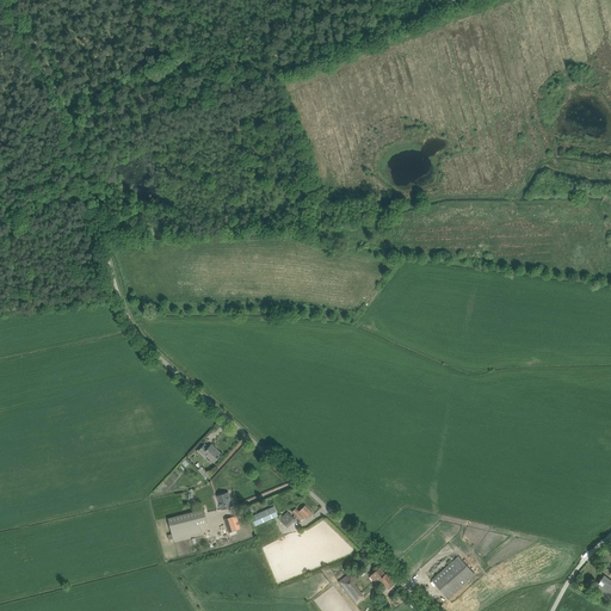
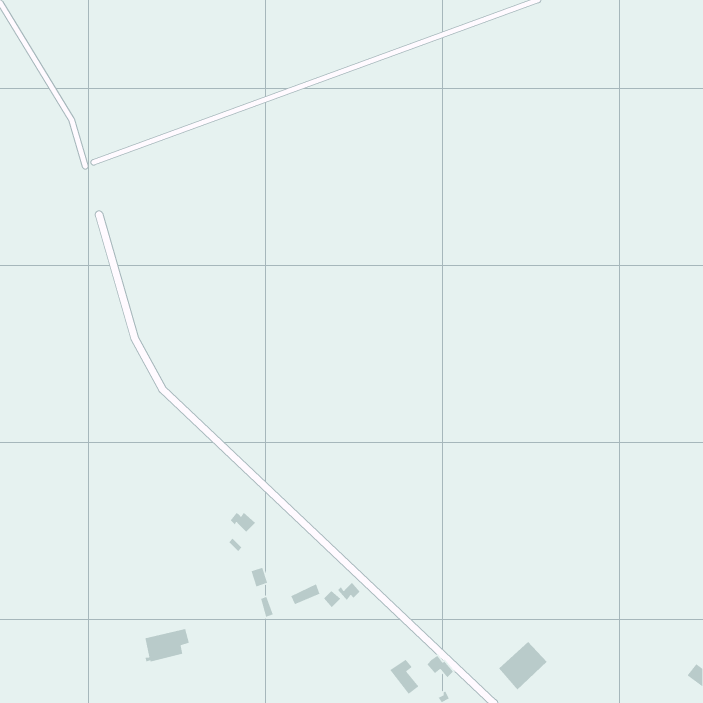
building: [168,510,208,539] -> [144,628,190,662]

